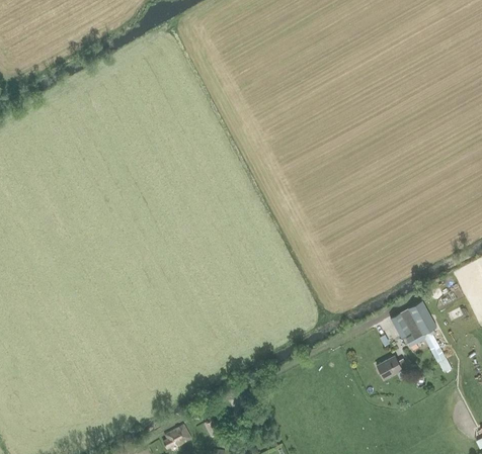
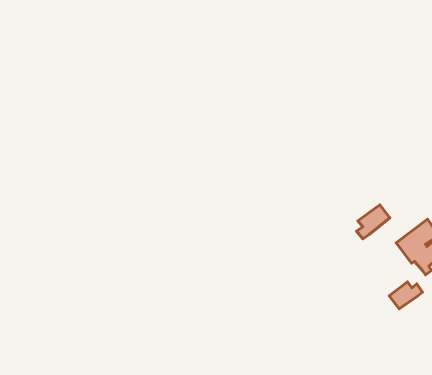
building: none -> [356,205,390,239]

